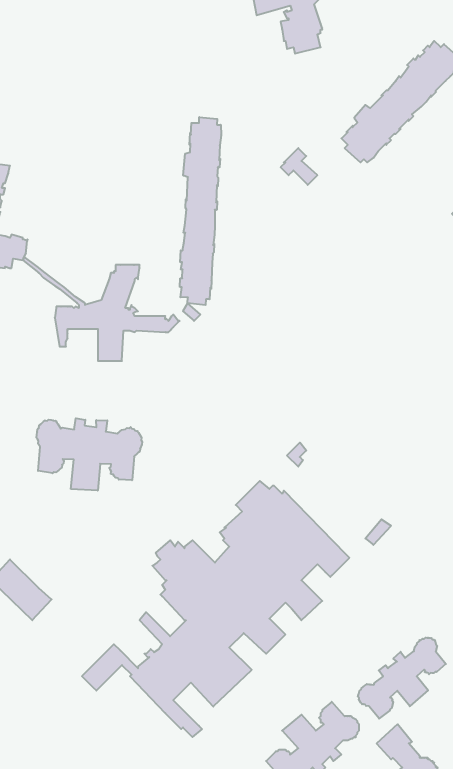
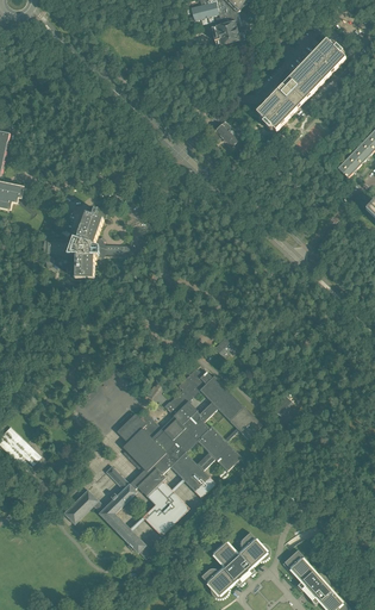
building: [180,117,221,305] -> none
building: [36,418,142,491] -> none
building: [358,638,446,719] -> none

